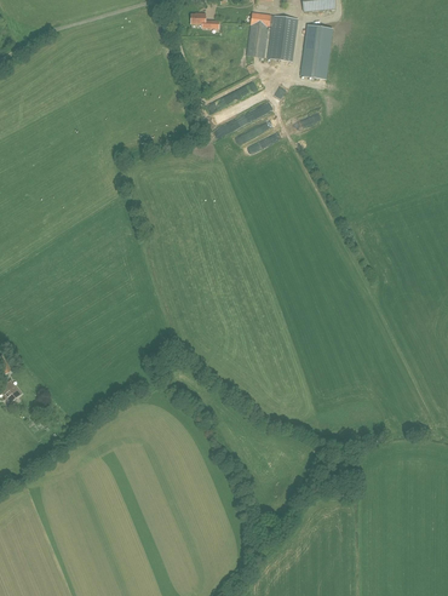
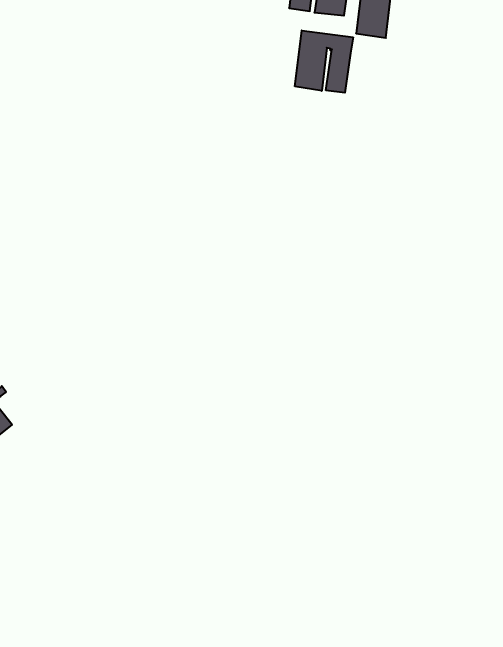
building: none -> [295,30,353,93]

